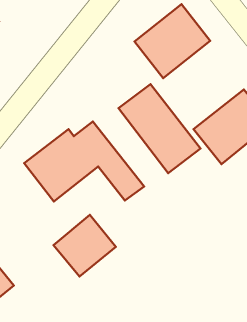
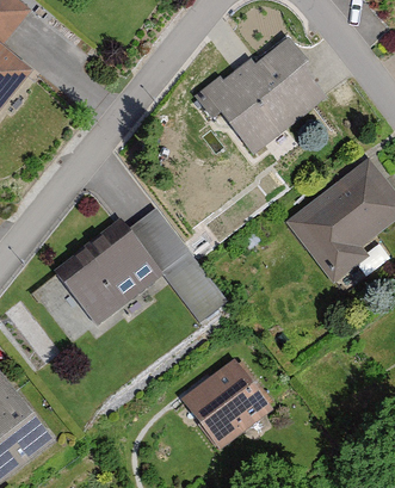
building: [118,84,200,173] -> none
building: [53,215,116,276] -> [184,363,270,447]

